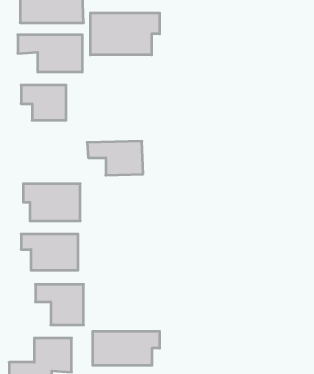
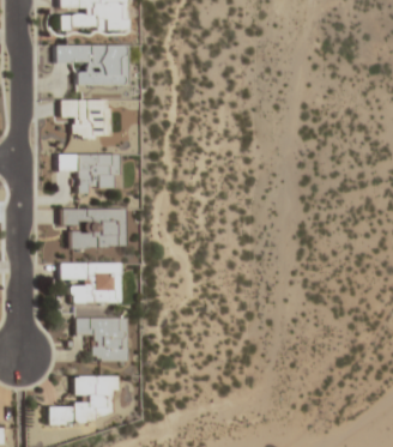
building: [90,13,160,55] -> none
building: [87,141,143,175] -> [56,152,117,189]
building: [93,331,160,365] -> none

